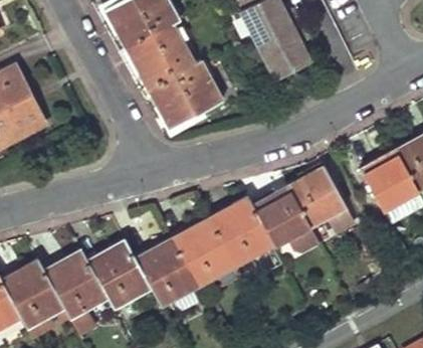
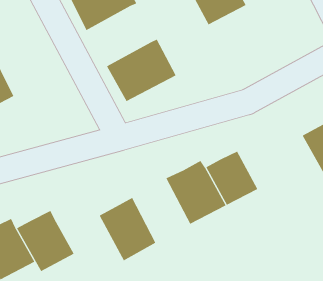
building: [257,24,309,80] -> none
building: [123,25,194,92] -> none
building: [289,168,348,227] -> none
building: [174,215,237,287] -> none
building: [88,239,154,309] -> none

